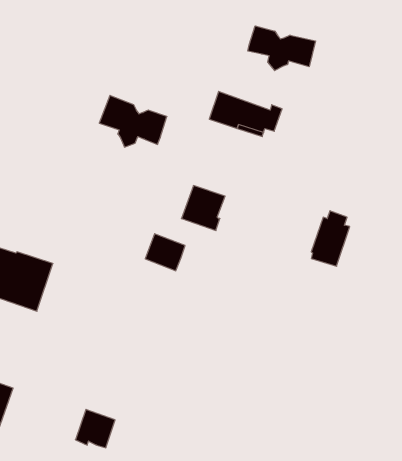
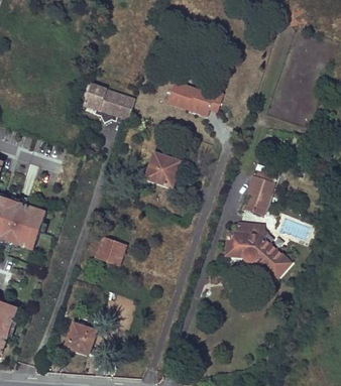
building: [248,26,315,71] -> none
building: [145,234,185,271] -> [95,237,125,265]
building: none -> [226,223,289,278]

